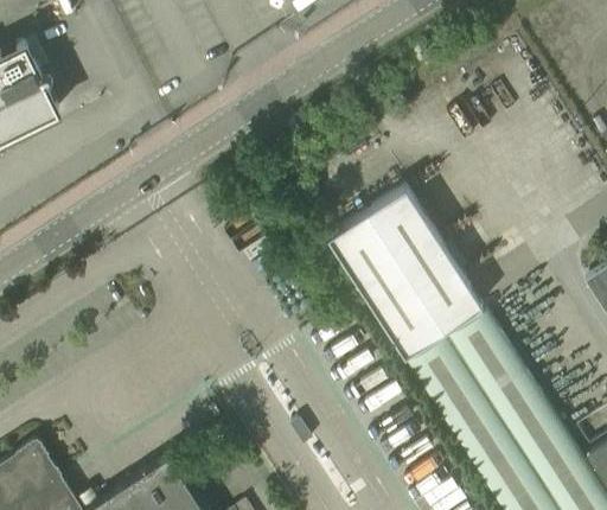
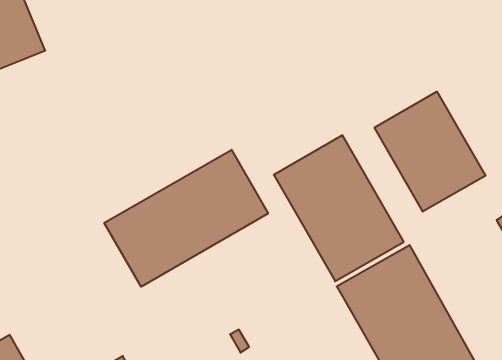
building: none -> [375,92,485,212]
building: none -> [104,150,268,287]

